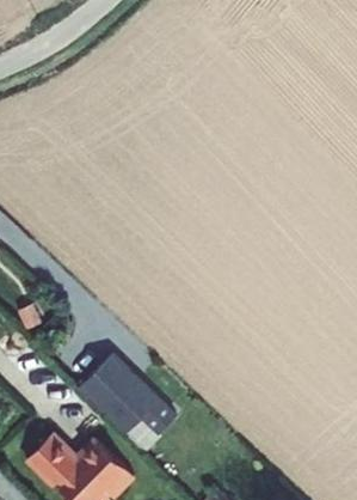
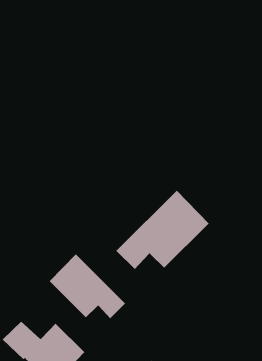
building: none -> [116,190,209,270]

